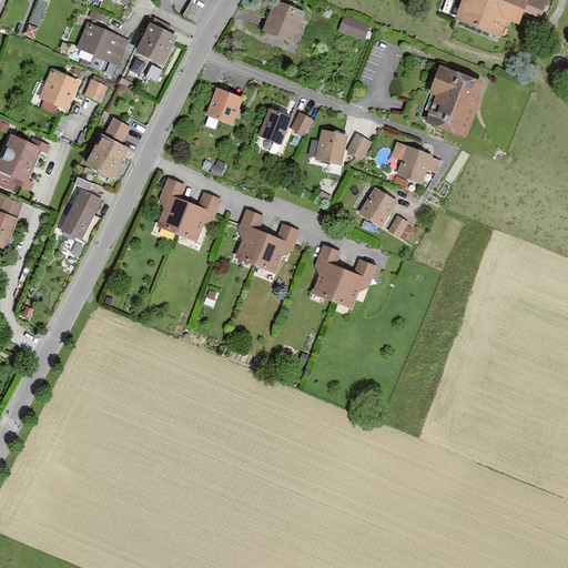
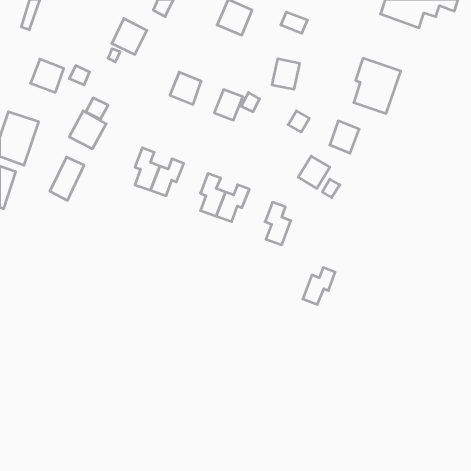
building: [75,22,128,77] -> none
building: [314,129,347,165] -> [272,59,300,89]
building: [338,256,377,301] -> [303,268,335,304]

